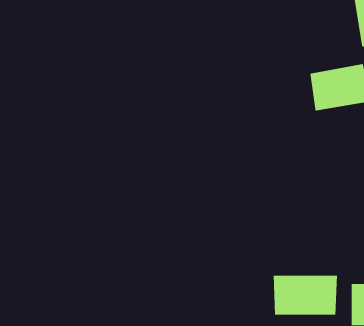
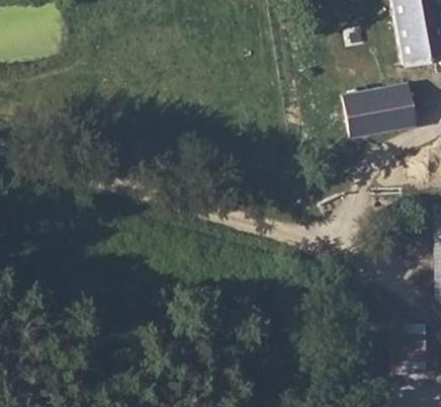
building: [273,275,337,316] -> none

